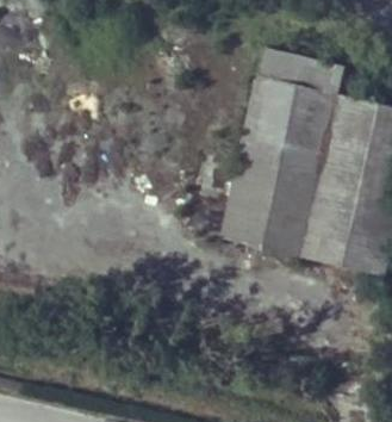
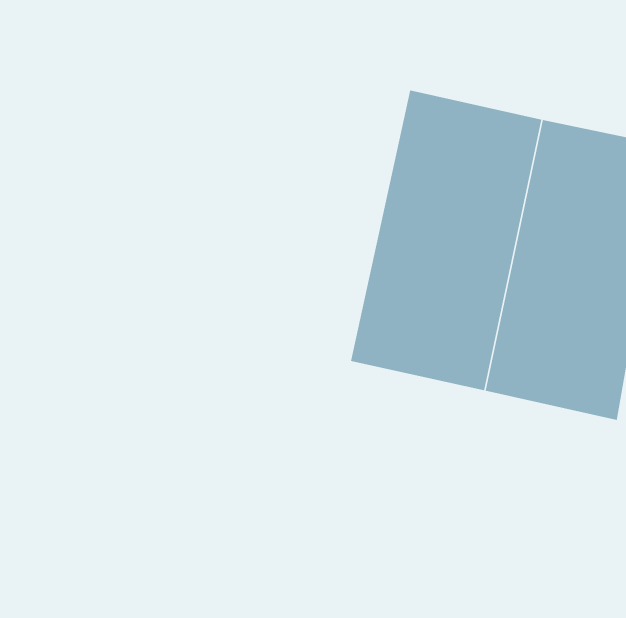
building: [255,52,341,95] -> none

